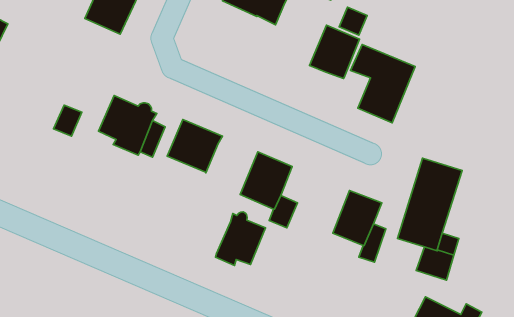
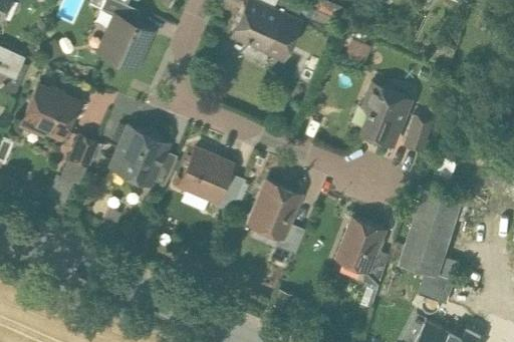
building: [310,25,360,78] -> none
building: none -> [23,85,76,140]
building: none -> [404,117,433,153]
building: none -> [212,174,244,214]
building: [216,212,265,265] -> none

